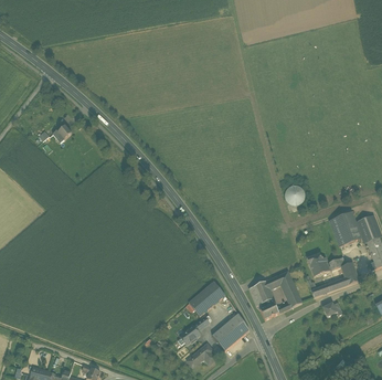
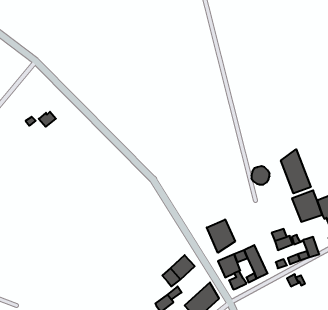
building: none -> [281,149,311,193]
building: none -> [207,219,235,253]

